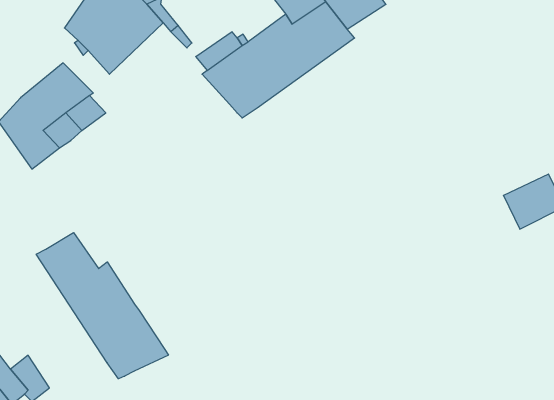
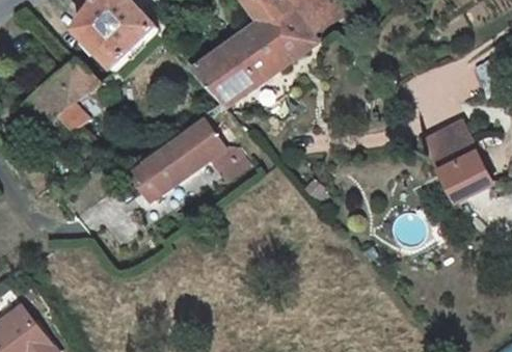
building: none -> [129,121,237,199]
building: none -> [423,121,477,171]
building: [36,233,168,379] -> none

